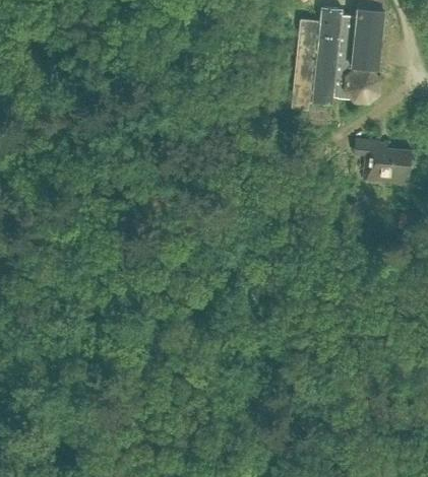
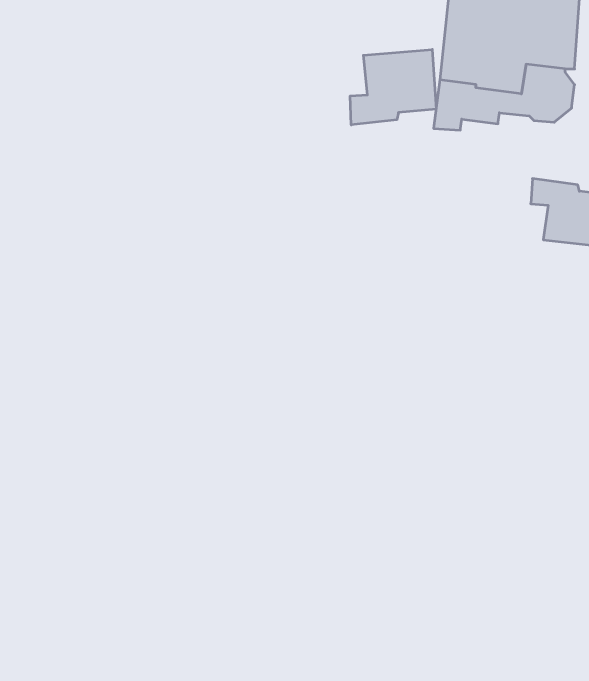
building: none -> [350,49,436,125]

